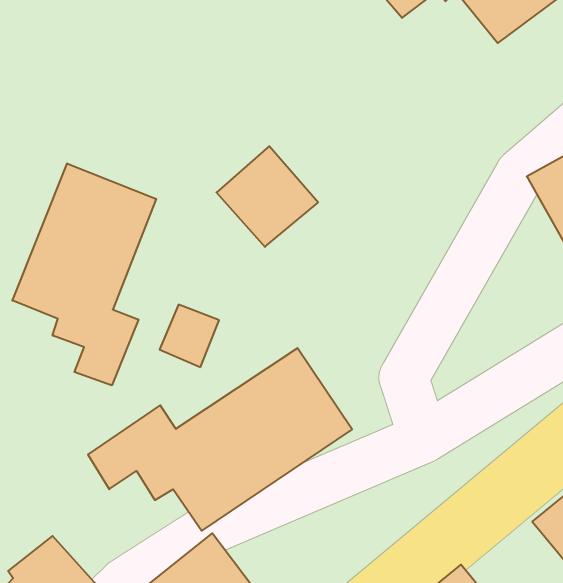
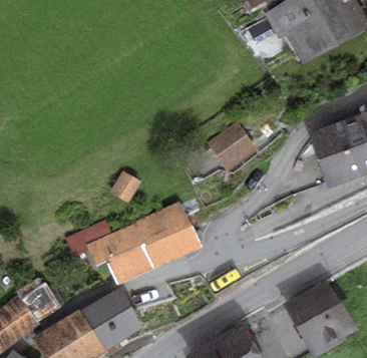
building: [216,146,318,247] -> [207,121,257,171]
building: [12,163,156,385] -> none

